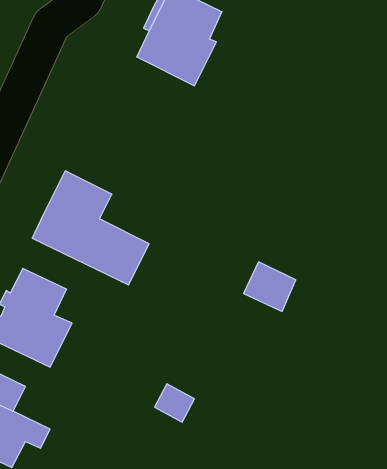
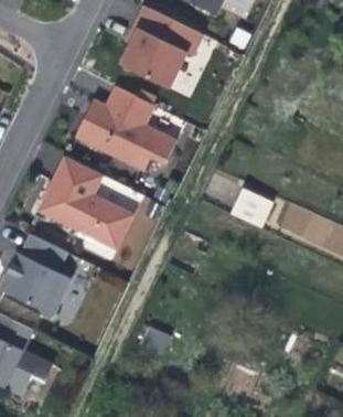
building: none -> [76,86,176,169]
building: [244,262,296,311] -> [231,189,272,228]

